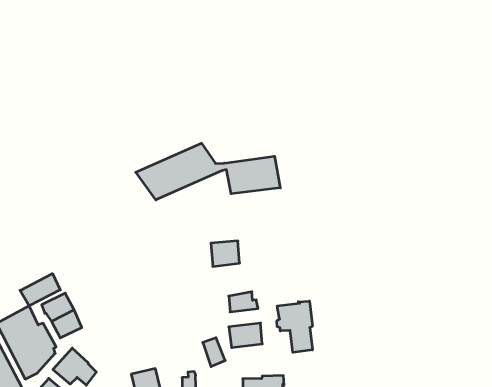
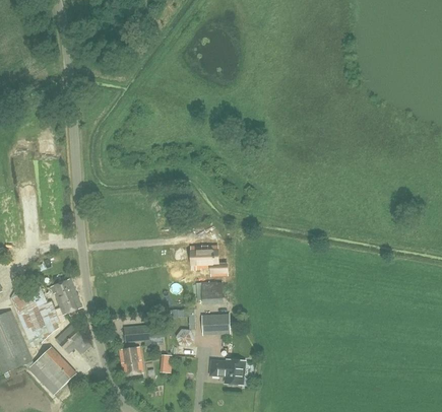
building: [136,143,280,200] -> none
building: [20,274,60,306] -> none
building: [277,301,312,352] -> none
building: none -> [123,324,162,344]

